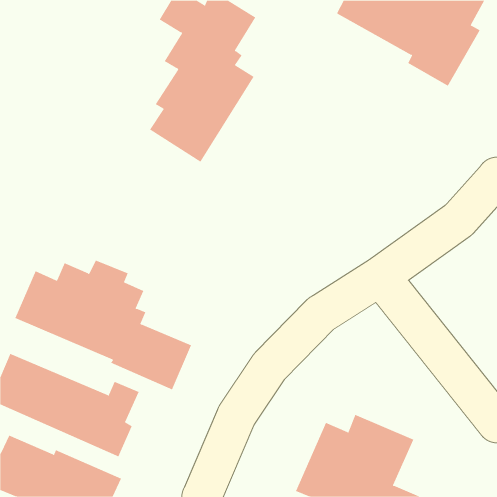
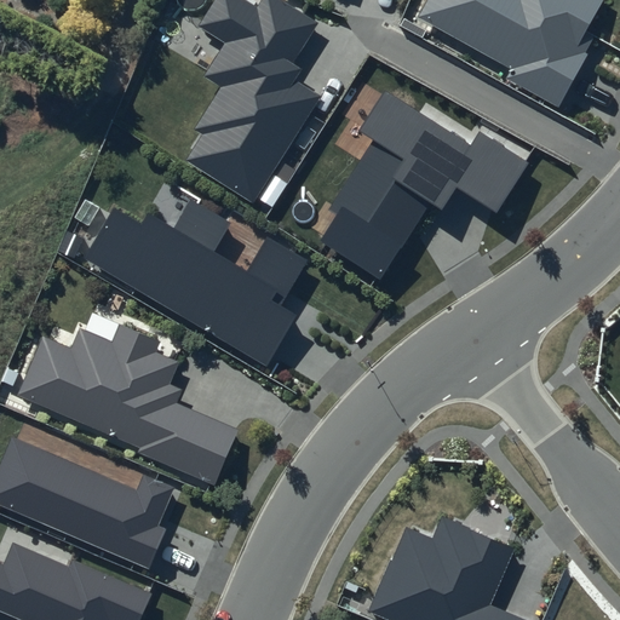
building: none -> [317,92,529,280]
building: none -> [84,199,308,366]

